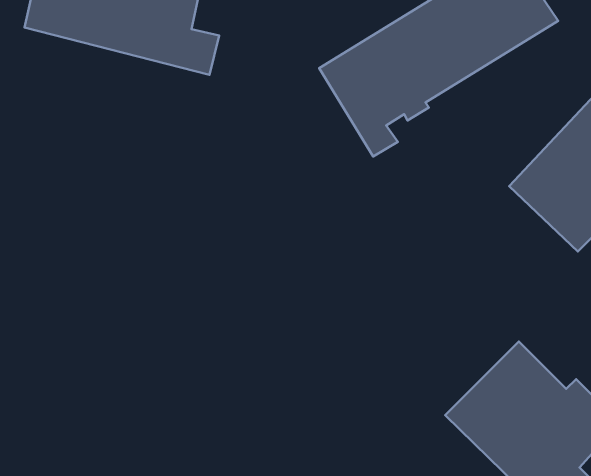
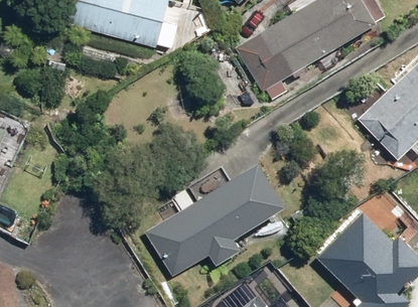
building: none -> [146,164,287,277]

